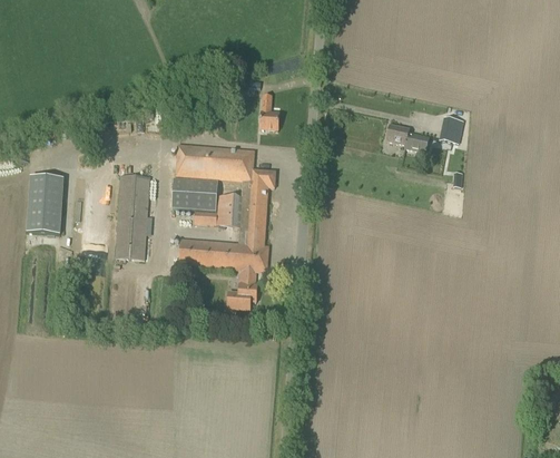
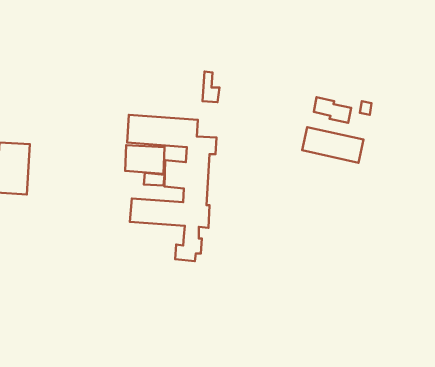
building: none -> [302,127,363,163]
building: [115,175,150,260] -> none

